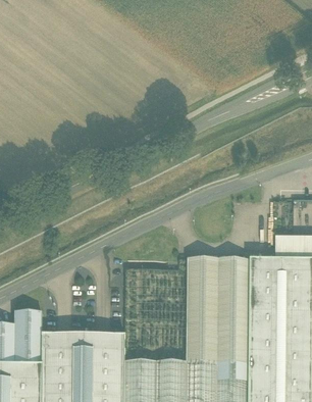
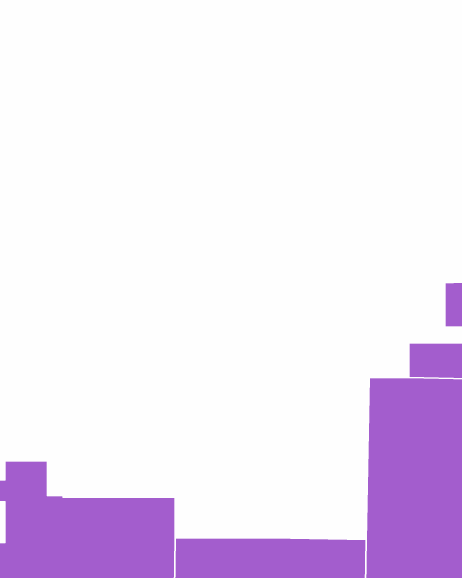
building: [187,259,250,364] -> none

